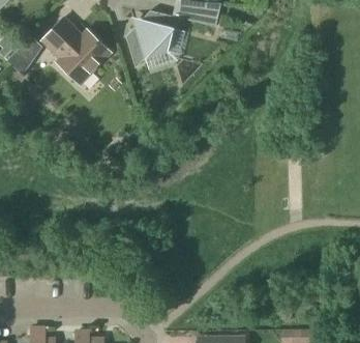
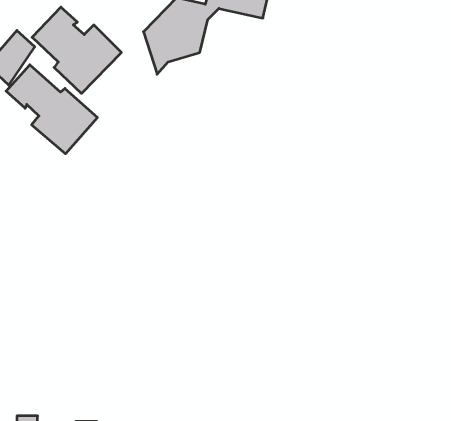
building: none -> [6,65,97,154]

